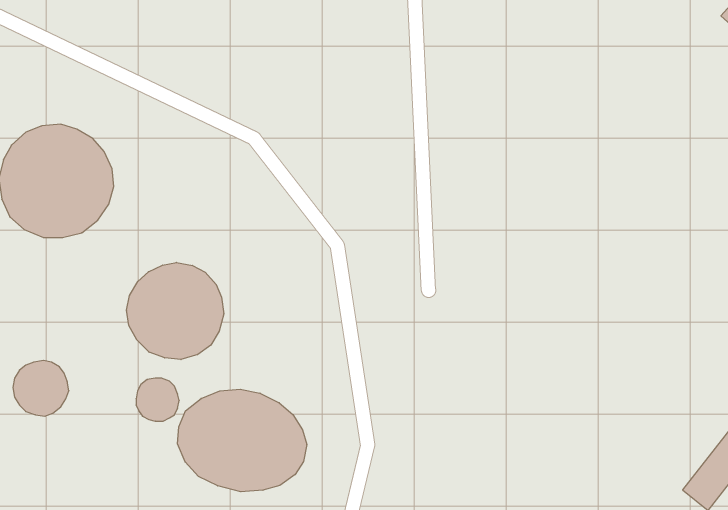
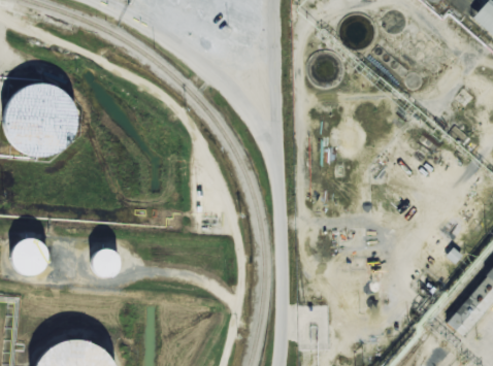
building: [127,262,224,360] -> none
building: [177,389,307,492] -> none

